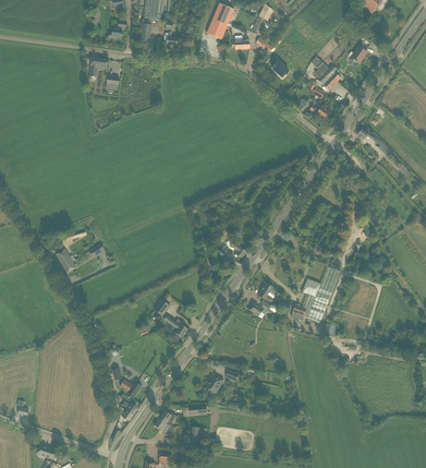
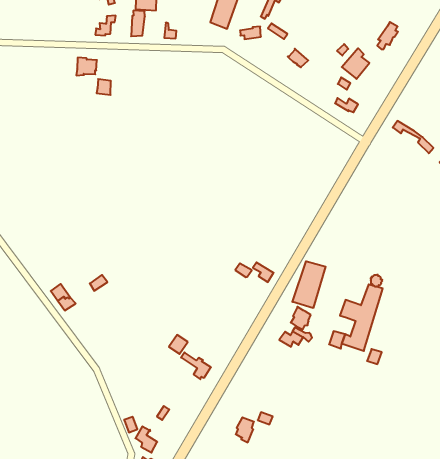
building: none -> [292,261,326,308]

